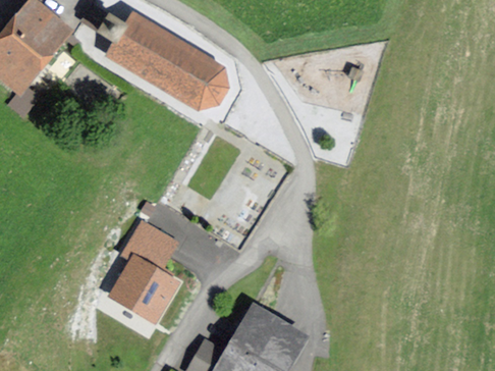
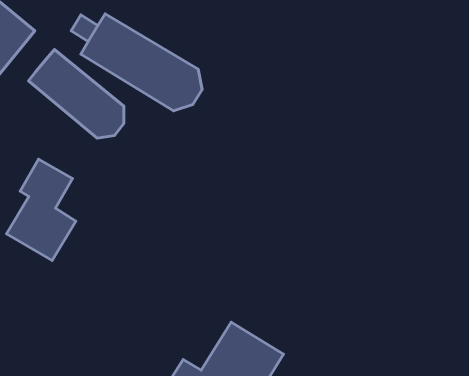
building: none -> [29,49,124,138]
building: [112,223,178,320] -> [6,159,76,261]

